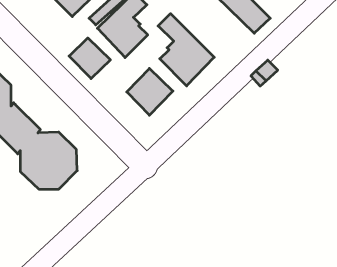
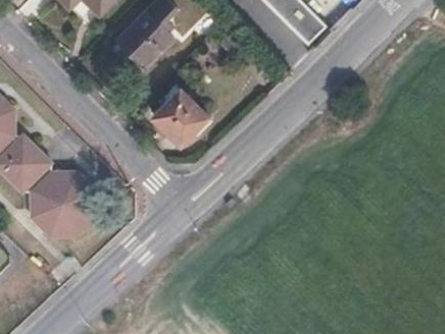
building: [158,14,214,86] -> none
building: [69,38,110,79] -> none

